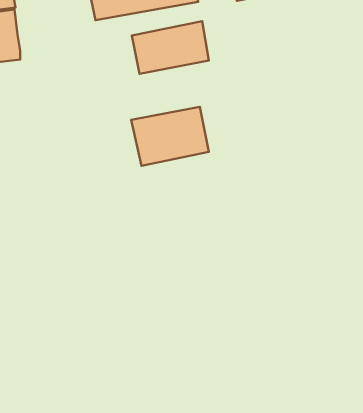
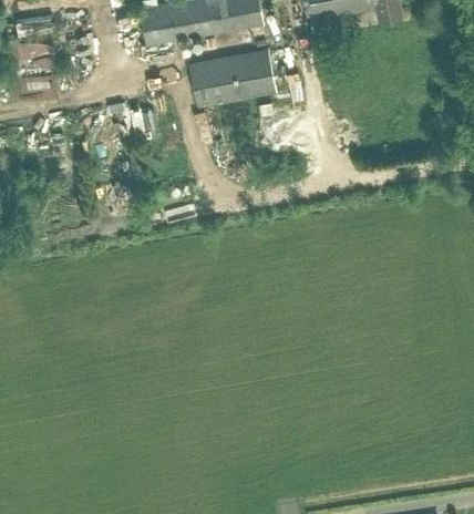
building: [131,107,209,166] -> none

